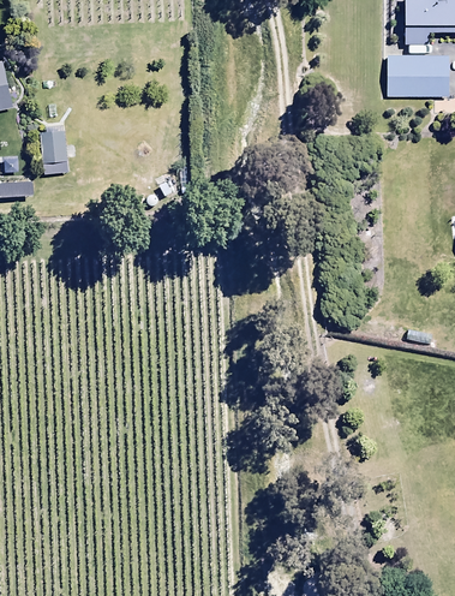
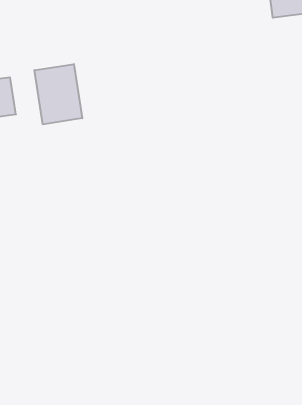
building: none -> [35,64,82,124]

